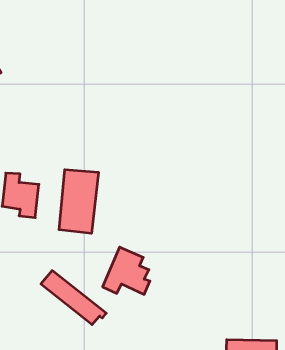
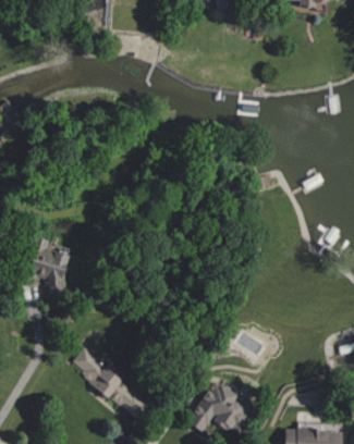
building: [59,170,98,233] -> none
building: [103,247,150,294] -> [190,378,244,432]

